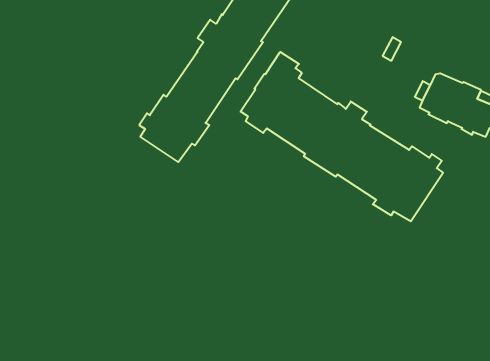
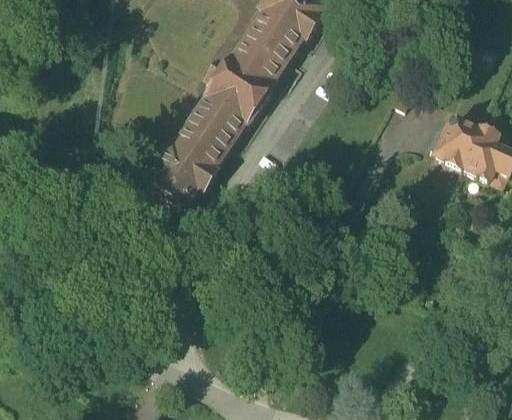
building: [241,52,443,221] -> none

